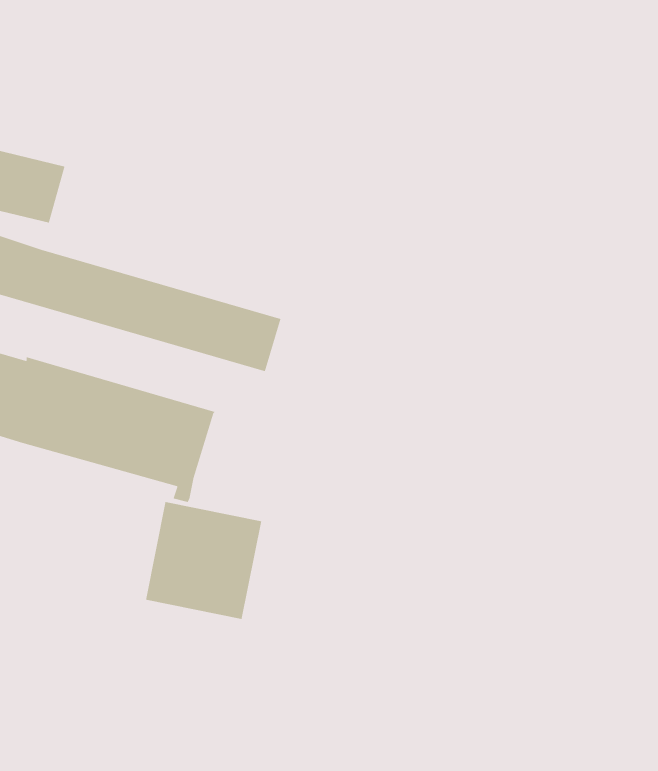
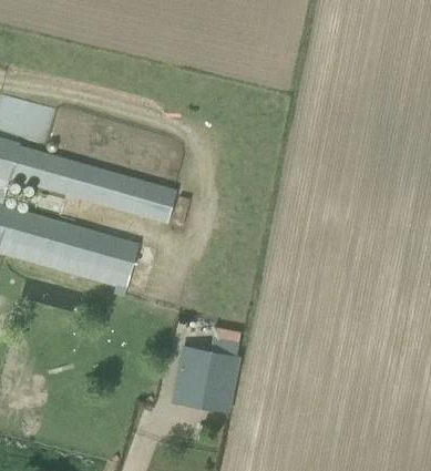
building: [145,501,262,620] -> [174,345,239,411]

